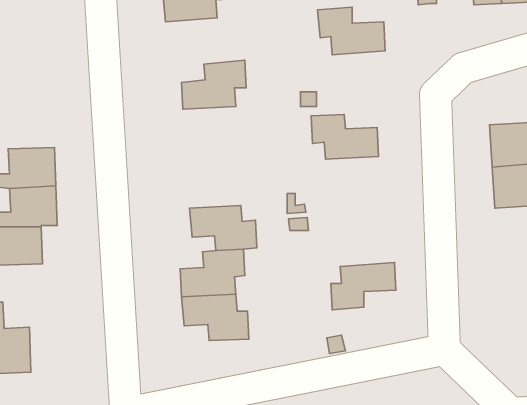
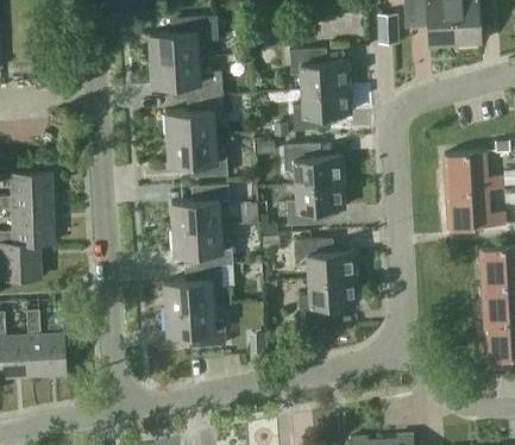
building: none -> [151,57,222,100]
building: none -> [291,87,351,130]
building: none -> [167,137,228,177]
building: none -> [287,182,344,225]
building: none -> [171,184,230,228]
building: none -> [296,239,357,281]
building: none -> [27,311,65,376]

